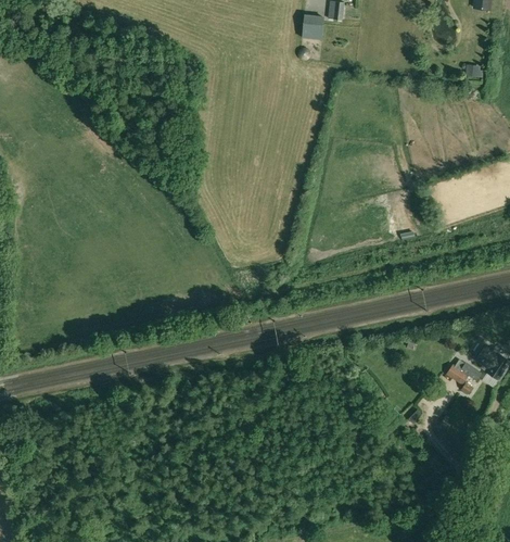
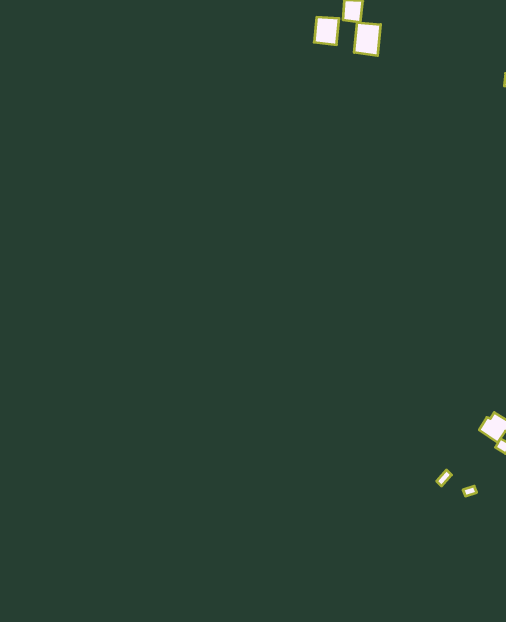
building: none -> [354,23,381,56]

